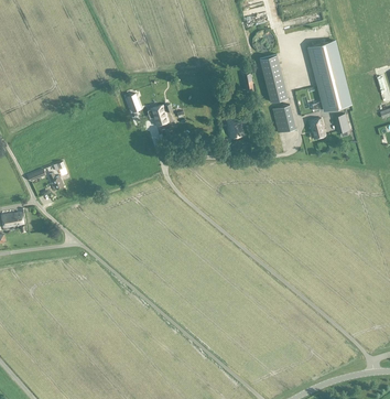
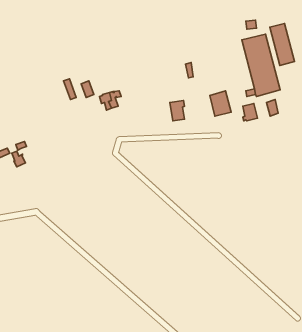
building: [259,54,286,101] -> [270,23,294,65]

